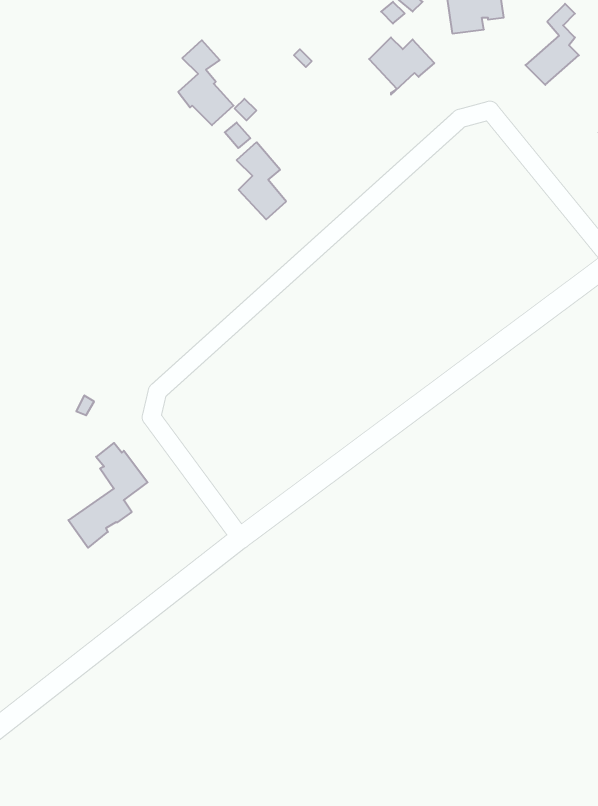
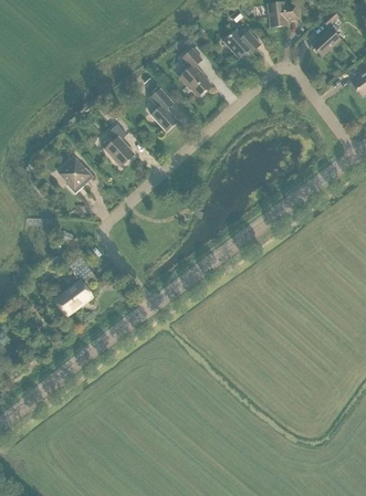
building: [178,40,234,125] -> [179,48,210,95]
building: none -> [104,123,134,166]
building: none -> [59,158,94,192]

